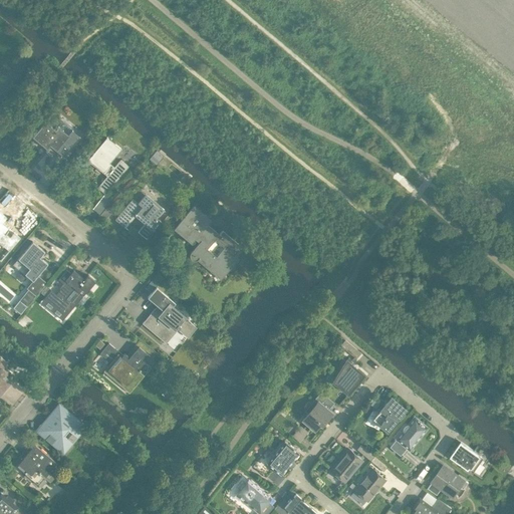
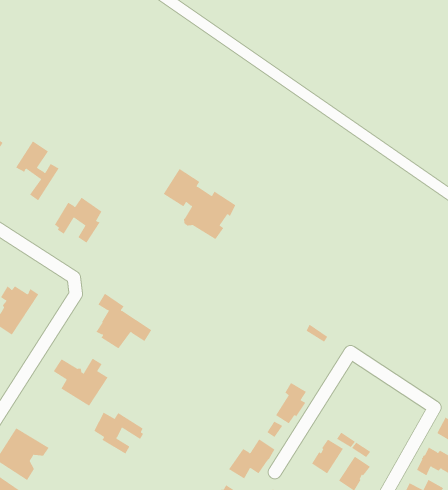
building: [173,206,240,277] -> [163,168,236,240]
building: [331,360,362,395] -> none
building: [371,399,404,432] -> none
building: none -> [93,412,146,455]
building: [389,418,426,455] -> none

